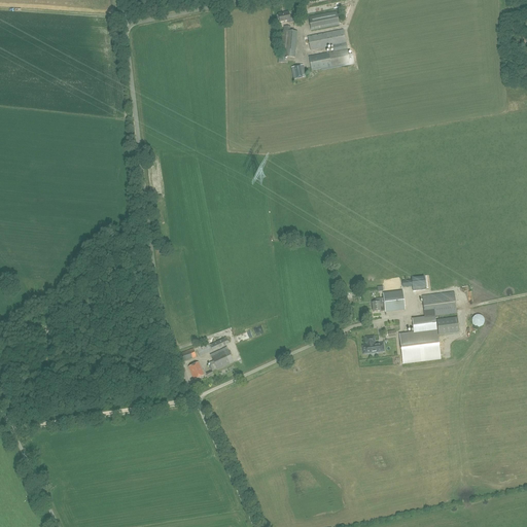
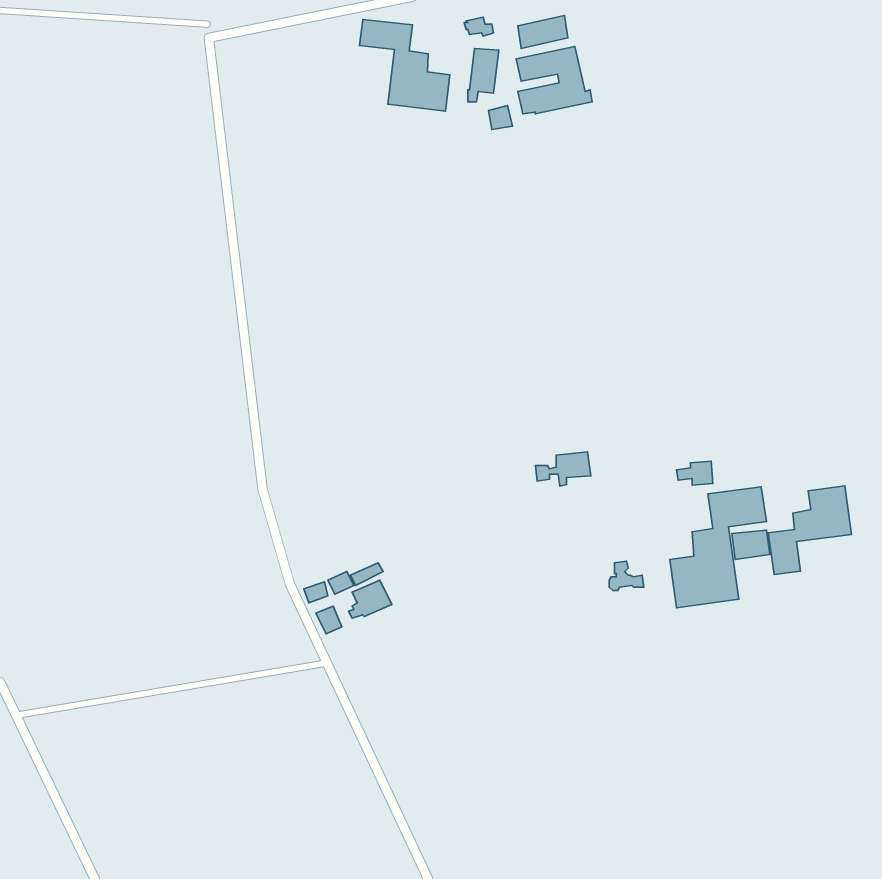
building: none -> [359,19,450,111]
building: none -> [768,486,851,574]
building: [372,292,405,313] -> [536,452,591,486]

